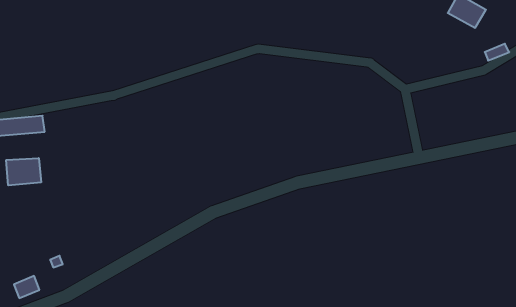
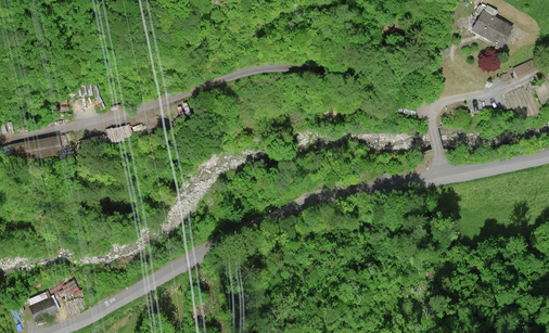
building: [6,158,41,185] -> none

